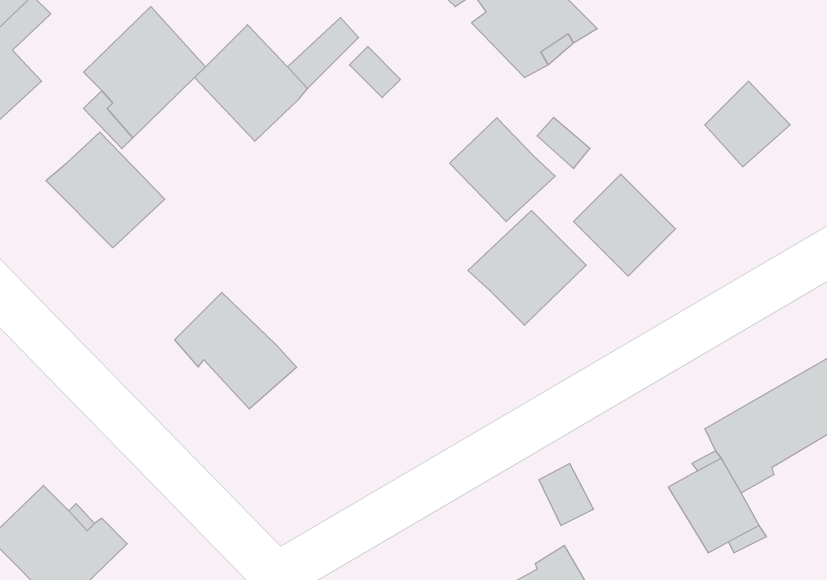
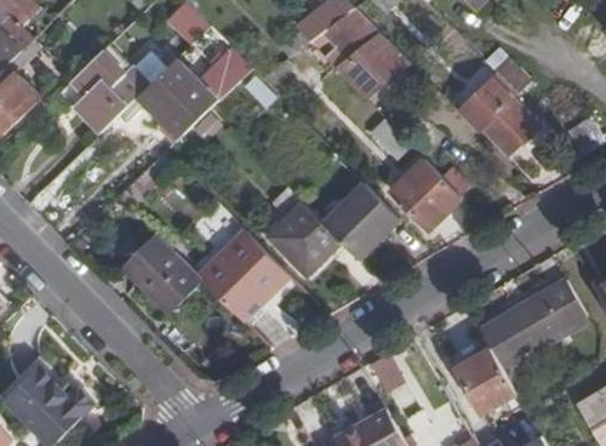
building: none -> [454,72,514,130]
building: [450,118,555,222] -> [265,198,336,267]
building: [46,132,165,248] -> none
building: none -> [194,228,288,320]

